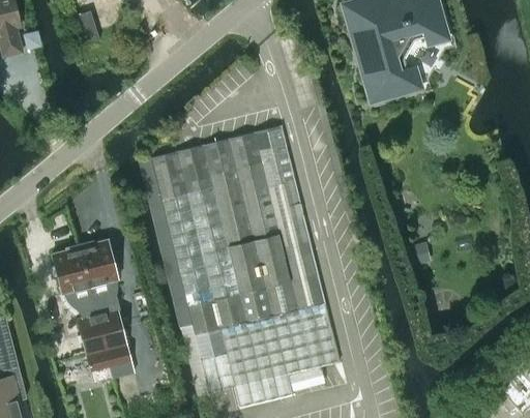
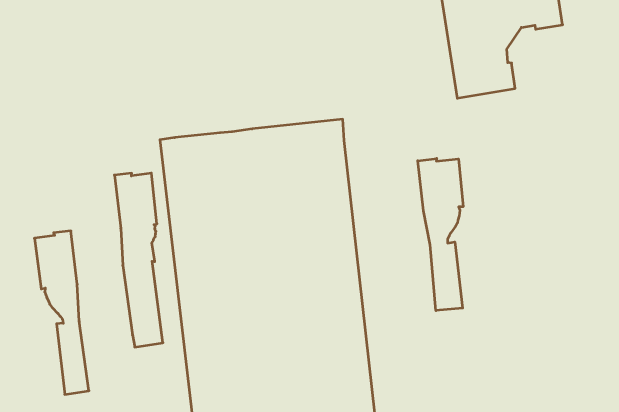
building: none -> [418,158,463,311]
building: [80,239,135,378] -> [114,173,163,347]

